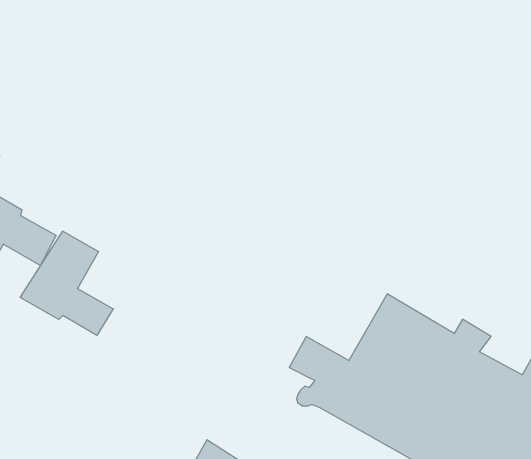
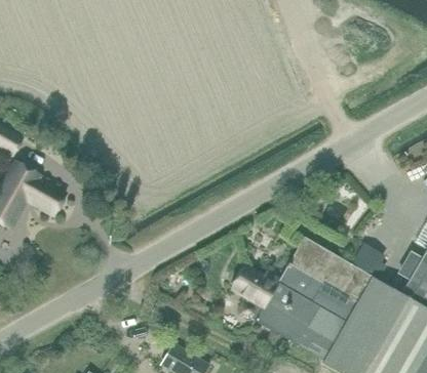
building: [20,231,113,335] -> none

